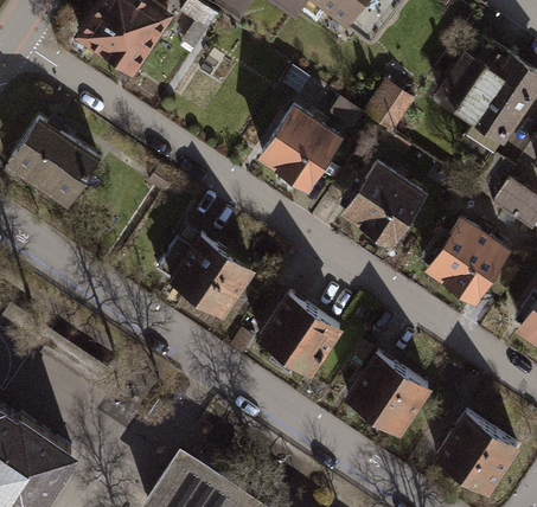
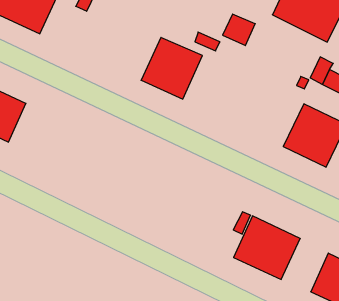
building: [340,159,423,242] -> none
building: [153,235,249,313] -> none
building: [254,293,338,372] -> none

